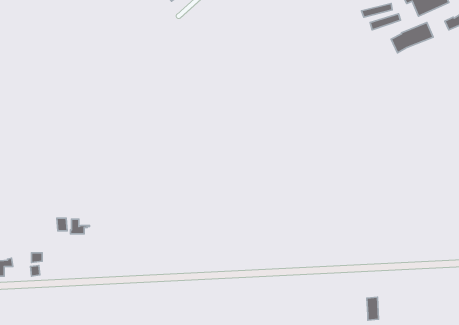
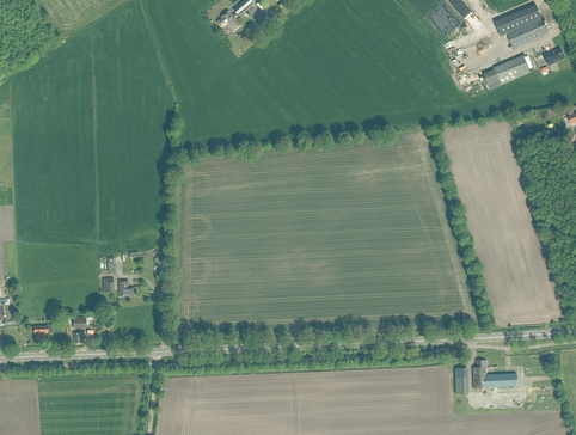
building: none -> [472,360,516,387]

